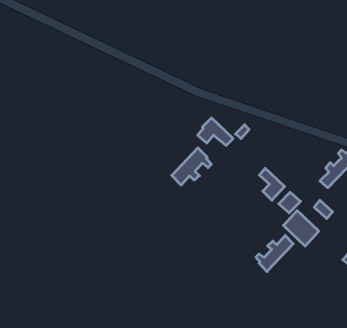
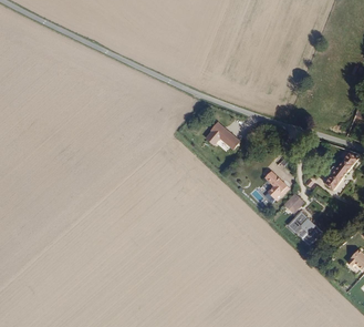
building: [172,148,211,185] -> none
building: [256,235,293,272] -> none

